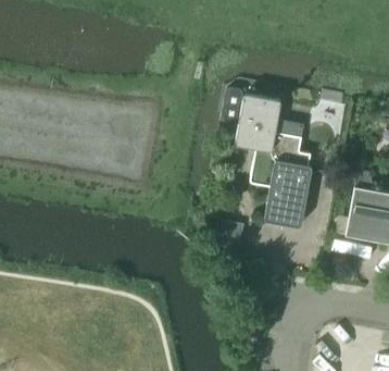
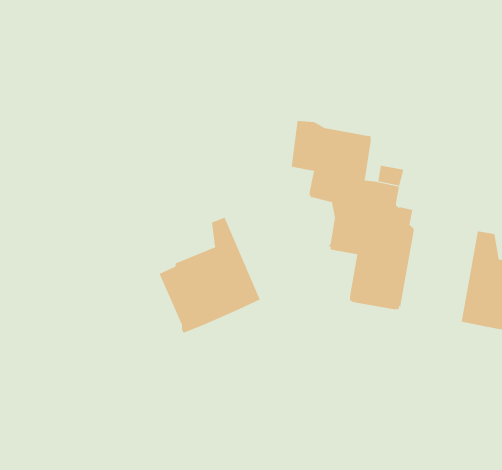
building: none -> [159,217,261,334]

